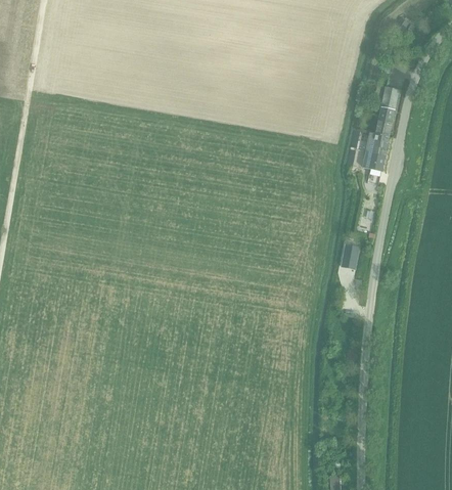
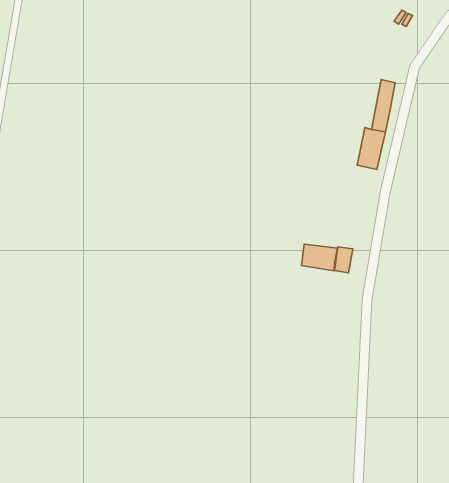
building: none -> [301,244,338,271]

